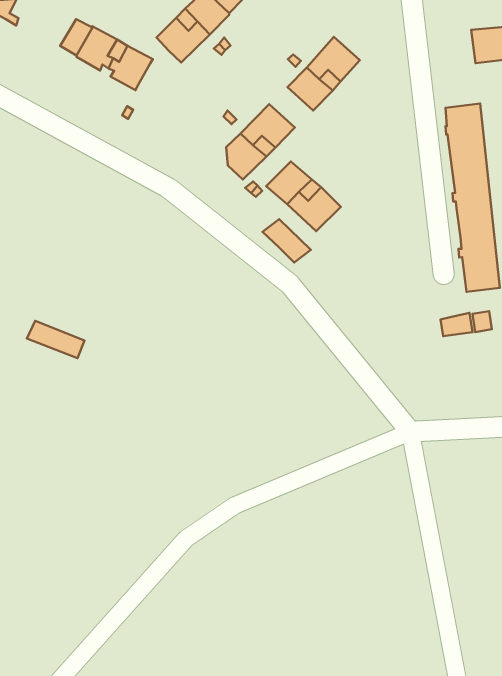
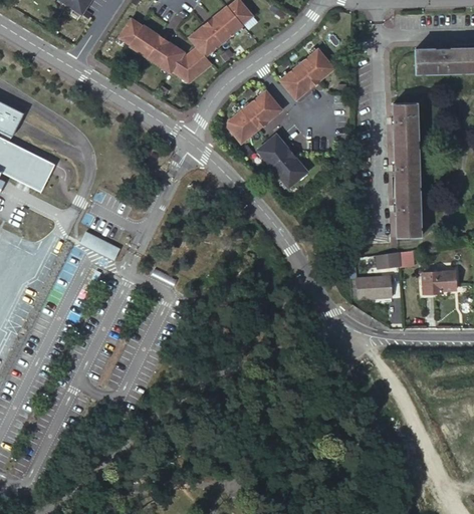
building: none -> [173,47,211,83]
building: [263,219,311,263] -> none
building: none -> [357,276,392,298]

